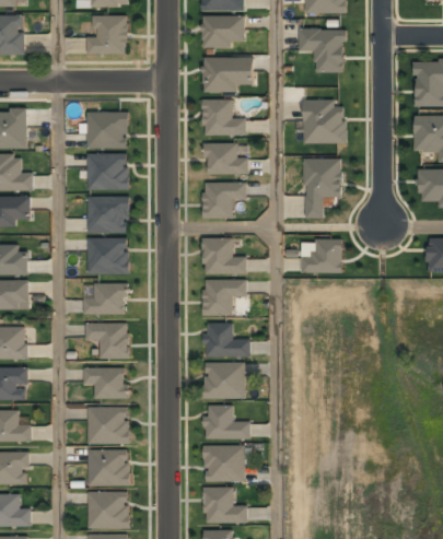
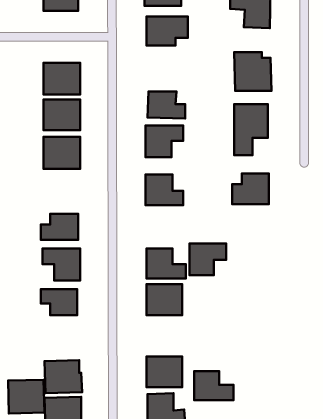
building: [201,101,244,134] -> none
building: [88,237,128,272] -> none
building: [203,279,245,315] -> [190,243,226,275]
building: [88,406,129,444] -> [8,380,45,413]
building: [205,406,249,438] -> [194,371,234,400]

